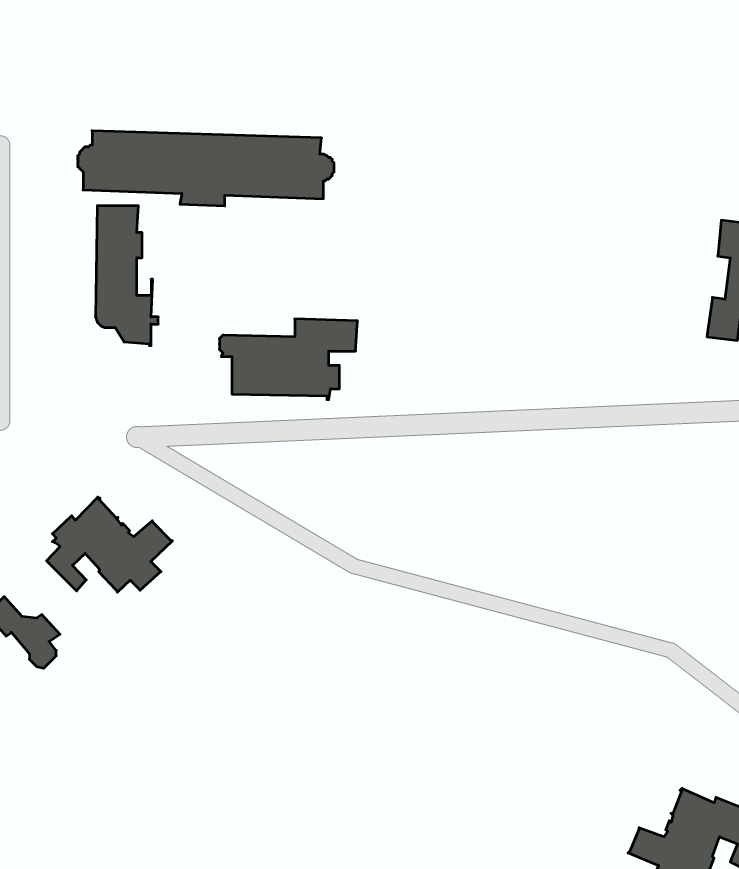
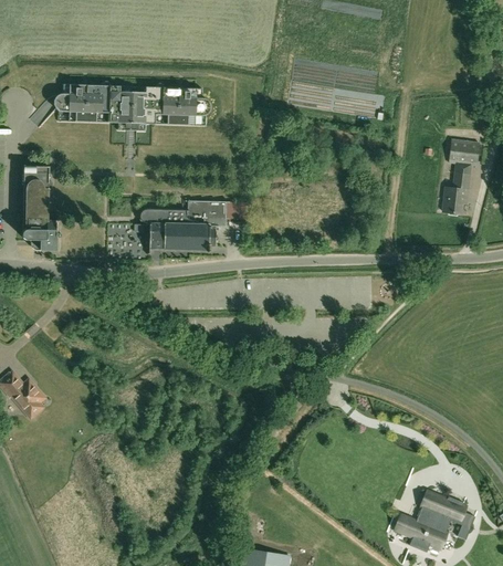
building: [95,206,158,346] -> [22,166,61,252]
building: [47,497,172,592] -> none

